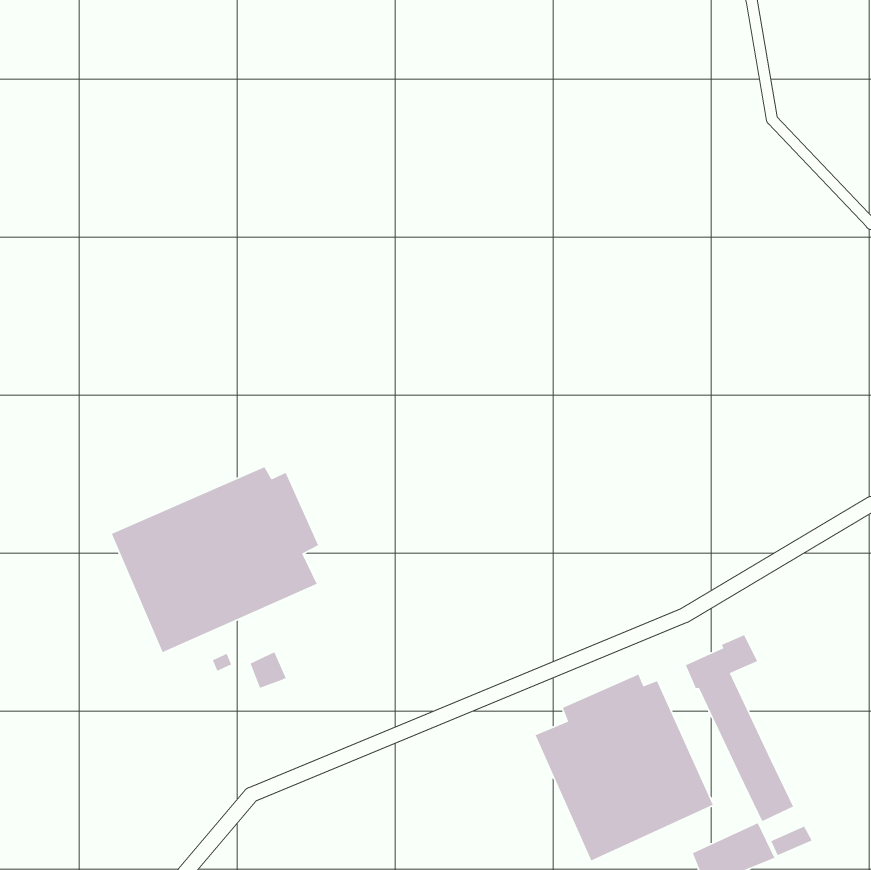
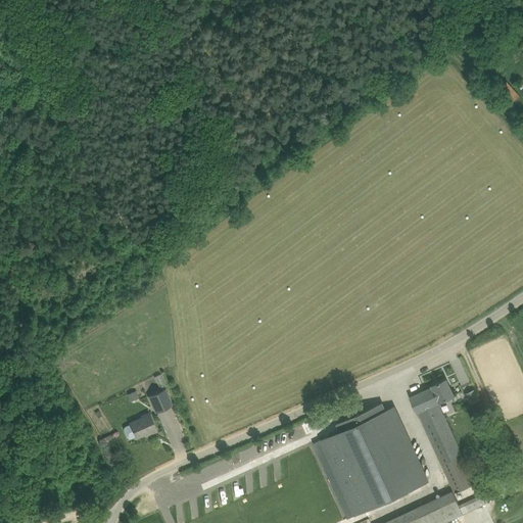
building: [111,466,319,653] -> none
building: none -> [124,415,156,440]

